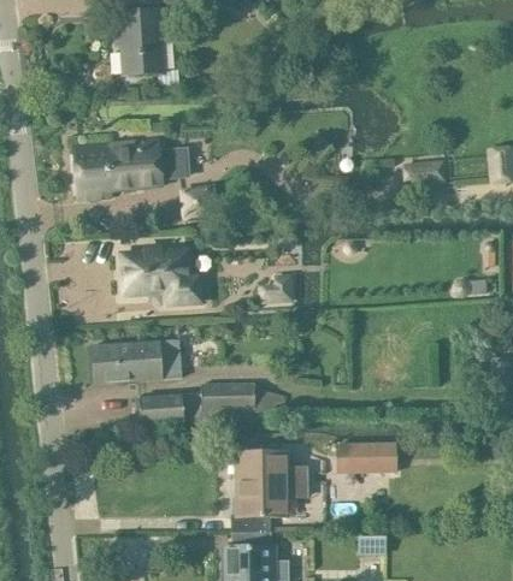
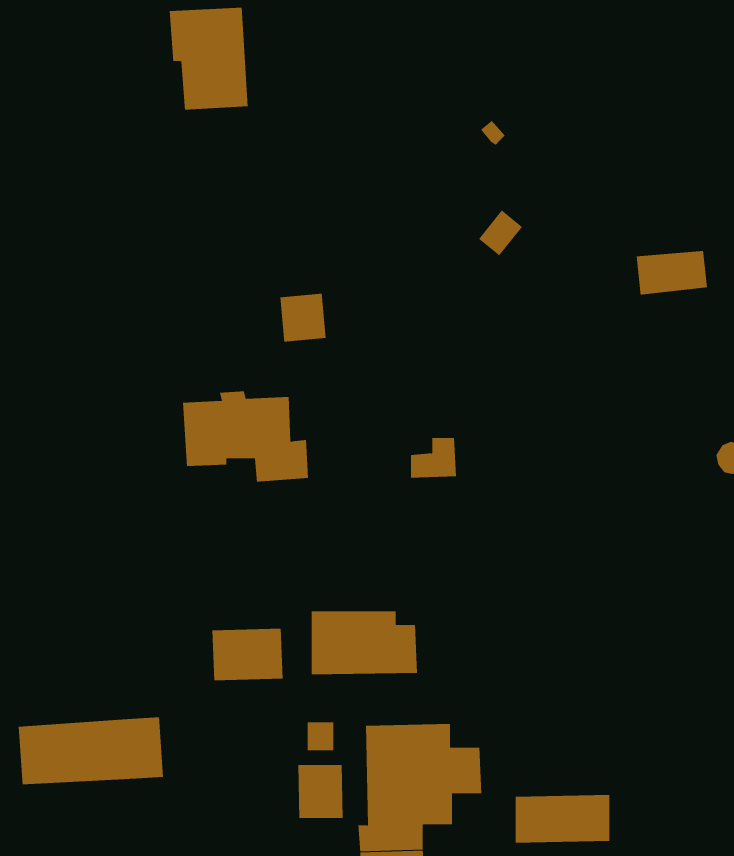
building: [75,138,184,196] -> none
building: [93,338,183,380] -> [18,717,164,785]
building: [338,443,397,473] -> [515,794,610,843]
building: none -> [298,764,343,819]

